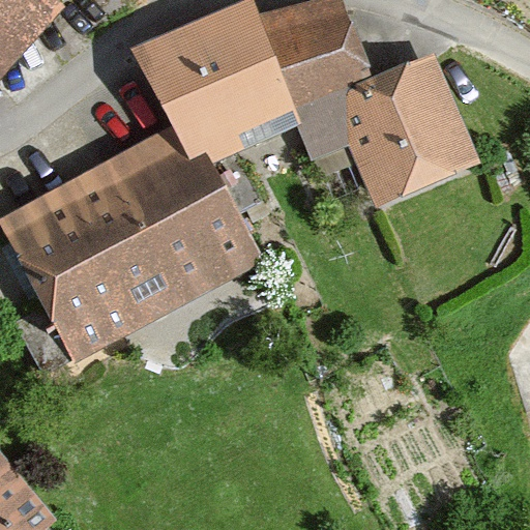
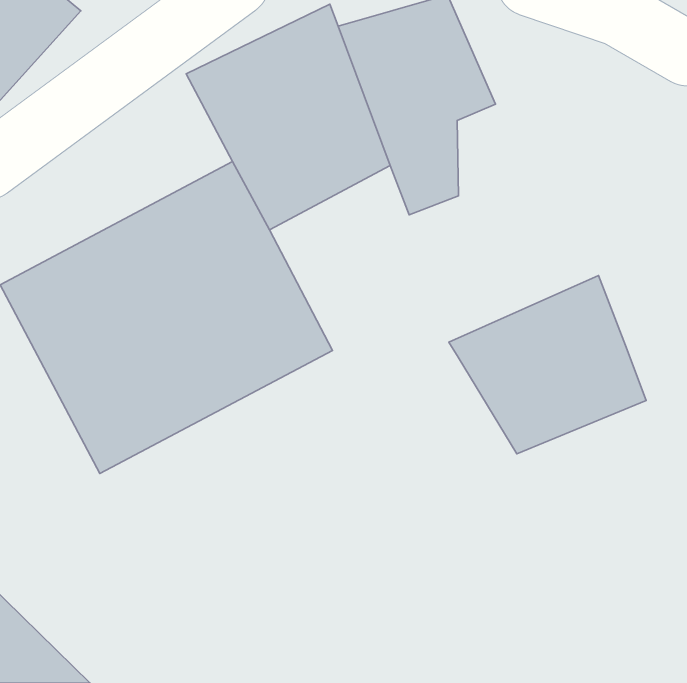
building: [346,54,478,208] -> none
building: none -> [449,276,646,454]

